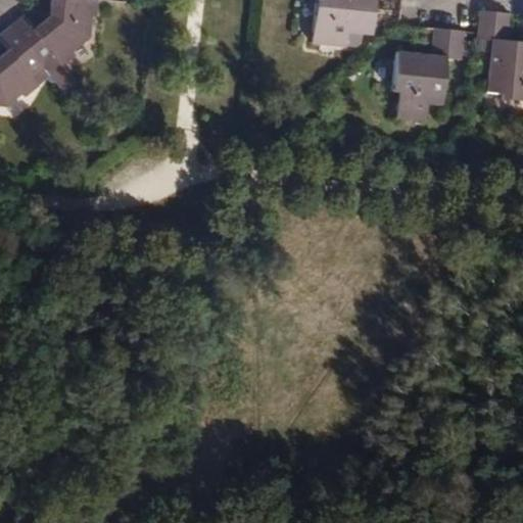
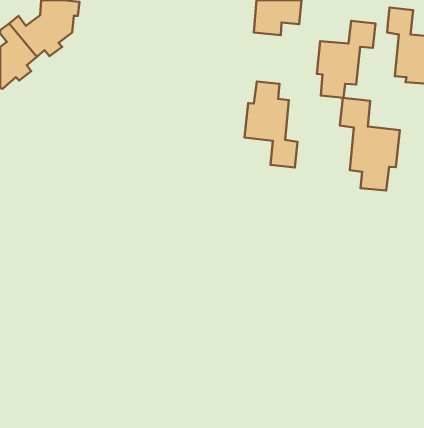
building: none -> [244,82,298,167]
building: none -> [340,98,400,191]

